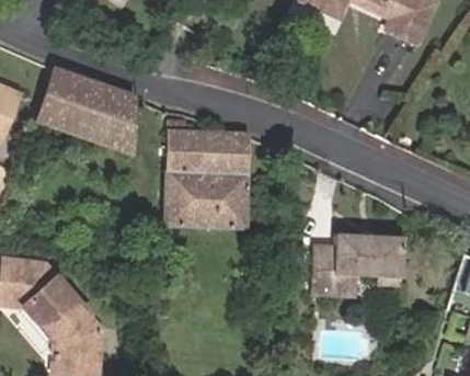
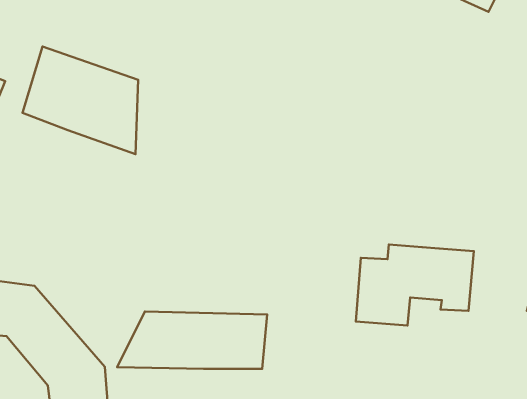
building: [163,130,245,228] -> none
building: none -> [117,312,267,369]

